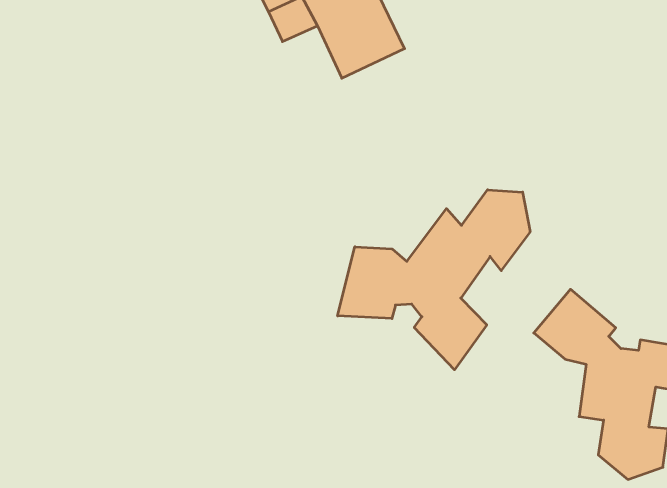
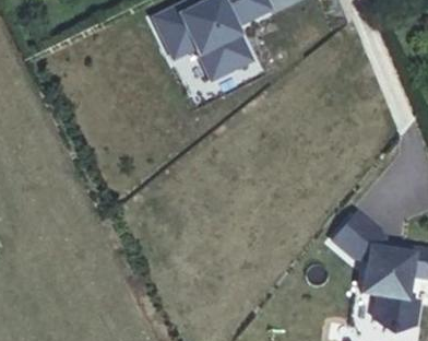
building: [338,190,530,370] -> none

